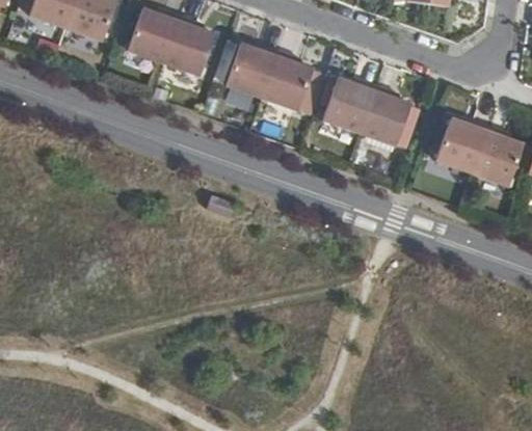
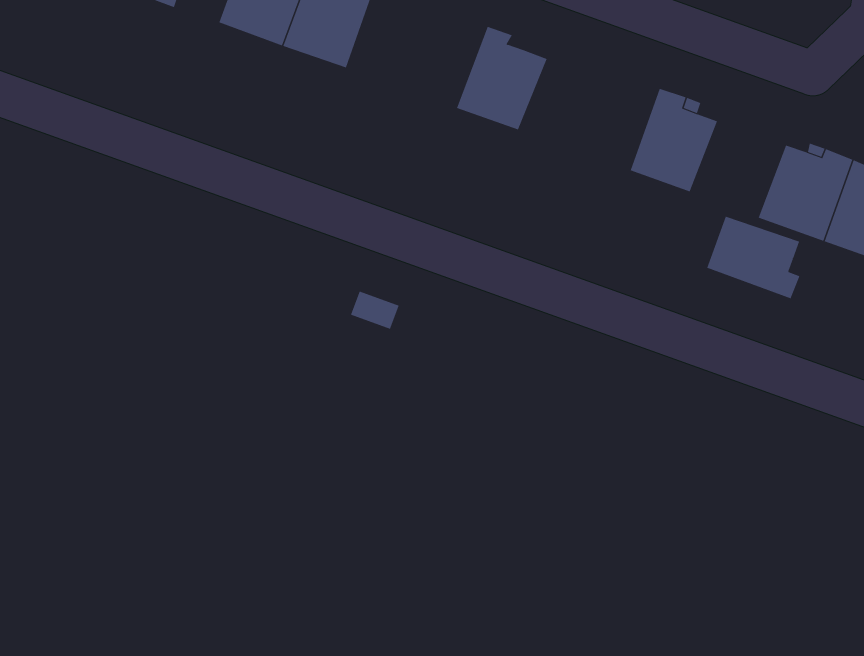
building: [224,42,280,98] -> none
building: [324,78,377,133] -> none
building: none -> [707,216,800,299]

